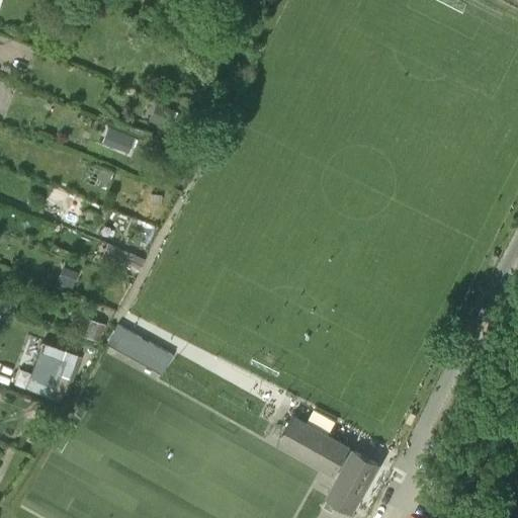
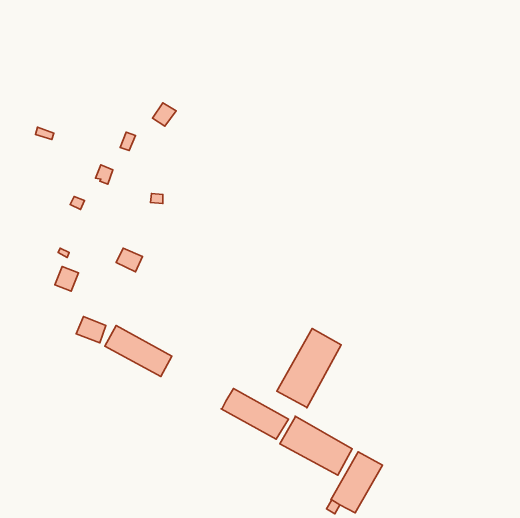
building: none -> [277,328,341,408]
building: [25,345,78,403] -> none
building: none -> [221,388,288,439]

